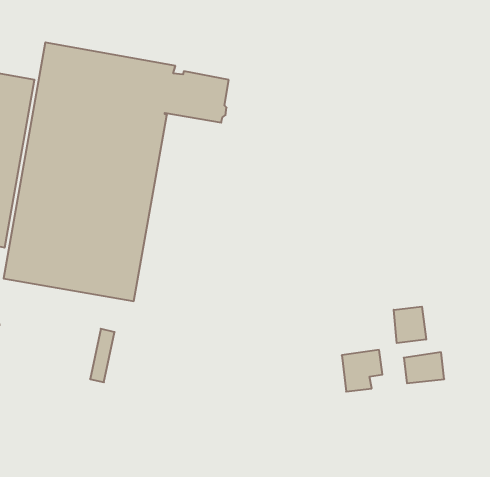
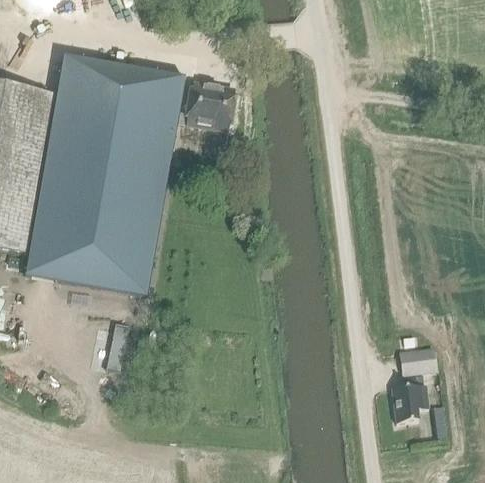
building: [394,307,426,343] -> none
building: [342,350,382,392] -> [390,382,428,421]

